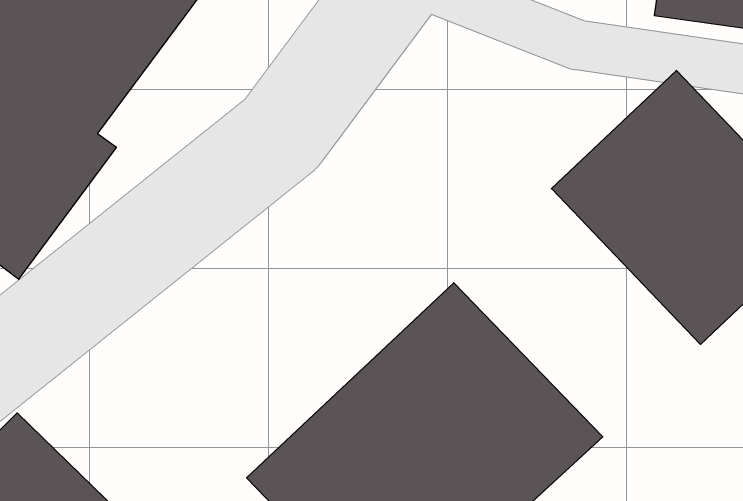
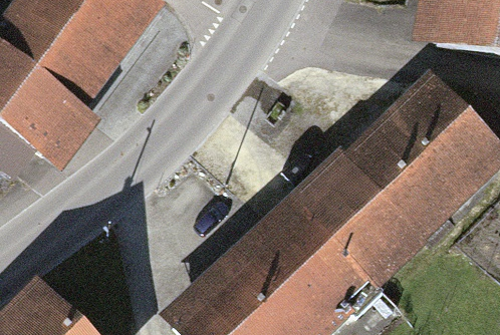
building: none -> [294,141,439,287]

